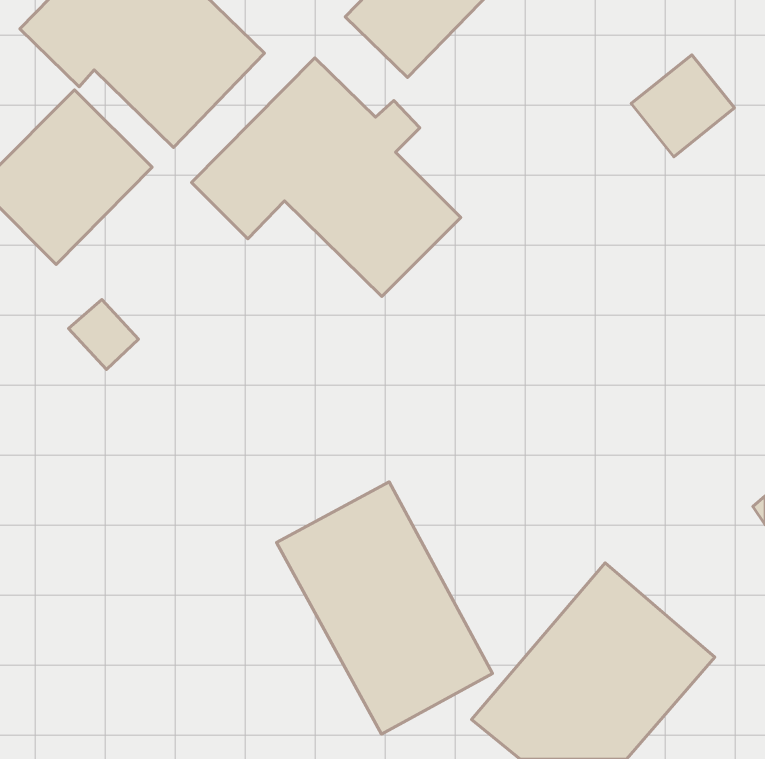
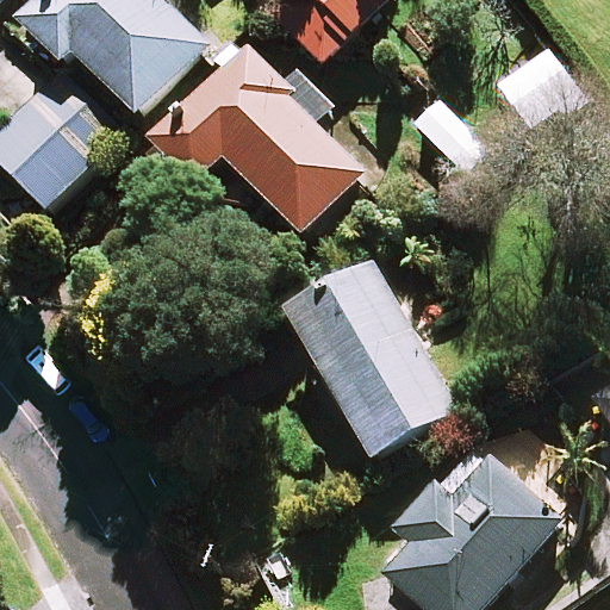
building: [277,482,493,734] -> [287,259,456,456]

